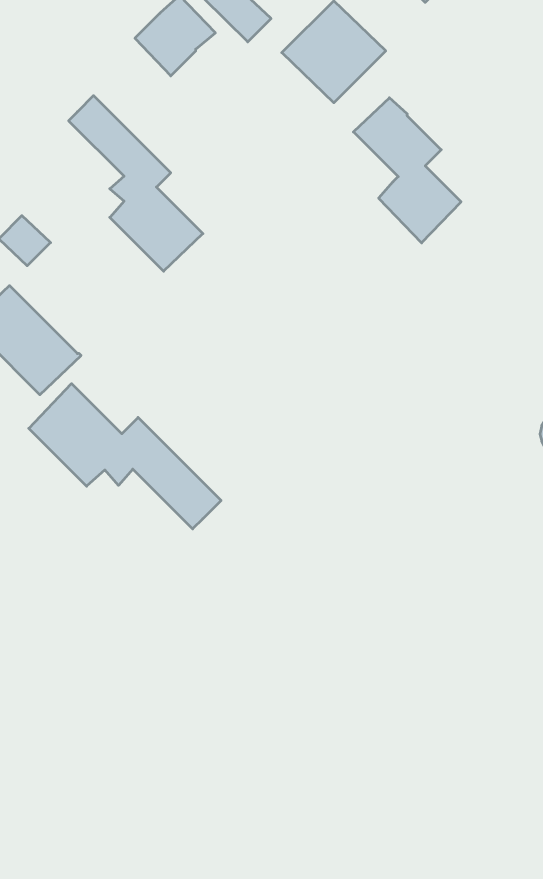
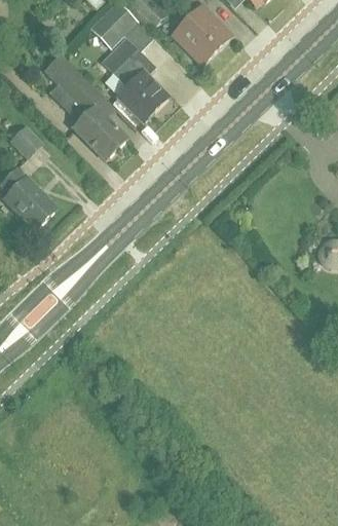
building: [353,98,461,243] -> [105,38,166,121]
building: [29,384,221,529] -> none

